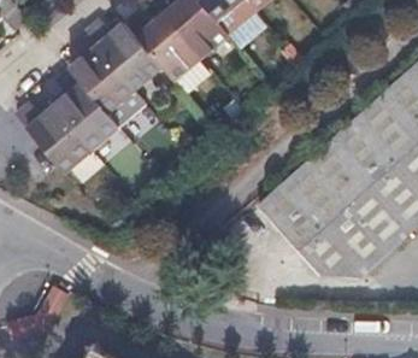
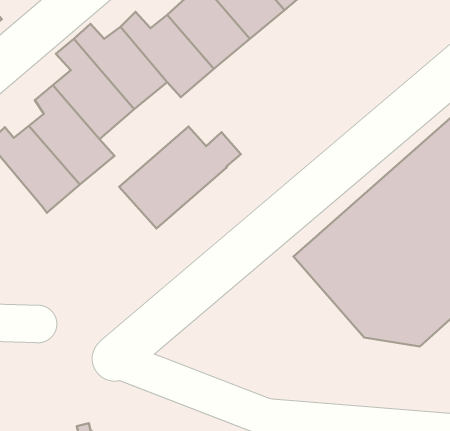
building: none -> [119,126,241,228]

